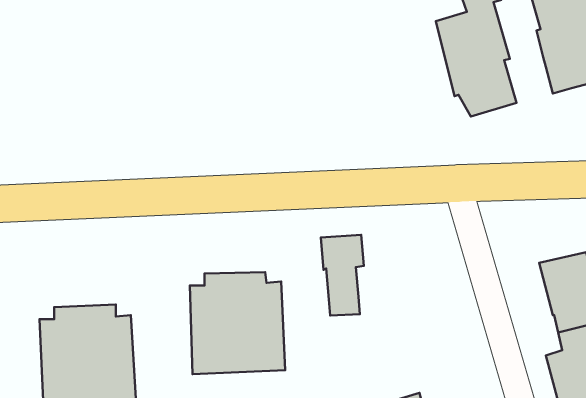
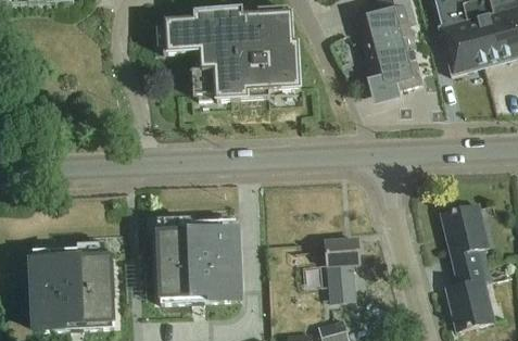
building: none -> [161,7,300,100]
building: [321,235,364,315] -> [324,237,358,302]

